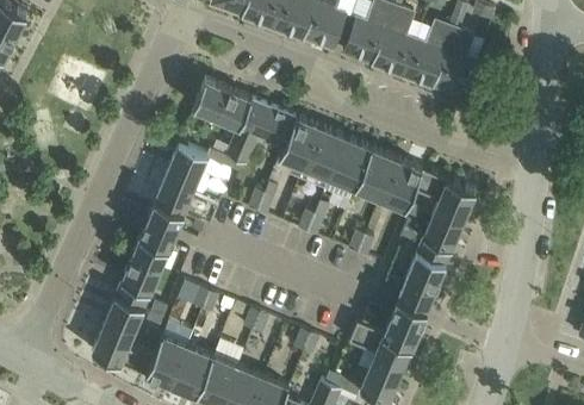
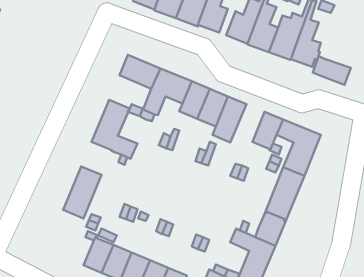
building: none -> [313,56,351,85]
building: [354,149,397,201] -> none
building: [141,201,184,248] -> none
building: [93,297,151,374] -> none

